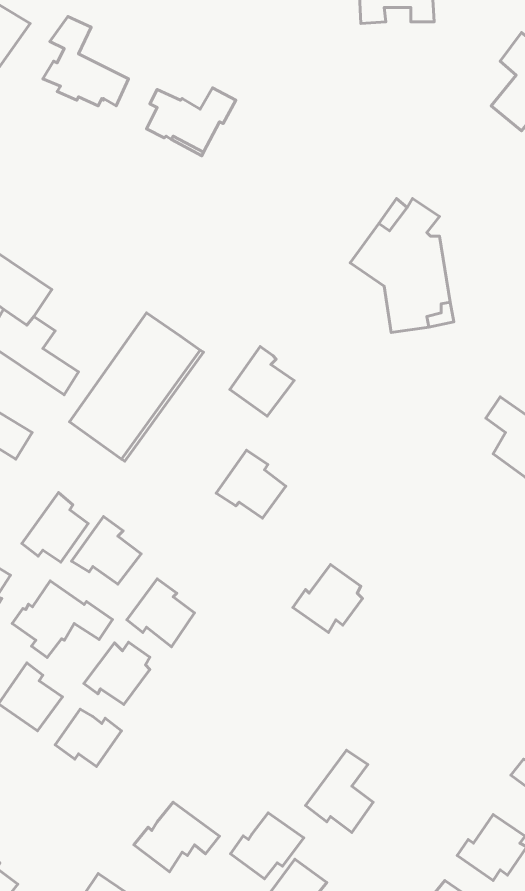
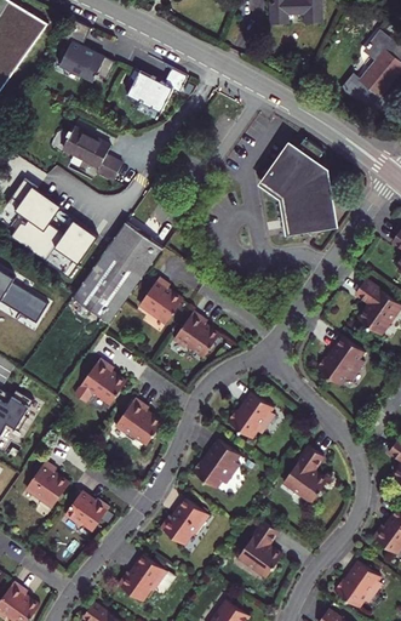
building: none -> [62,126,120,180]
building: none -> [55,220,97,262]
building: [230,347,294,416] -> [138,278,182,325]
building: none -> [315,340,362,384]
building: [22,493,88,562] -> none
building: [12,581,113,658] -> none
building: none -> [193,438,240,484]
building: [84,642,150,704] -> none
building: none -> [282,446,327,505]
building: [231,813,304,879] -> [159,498,208,543]

